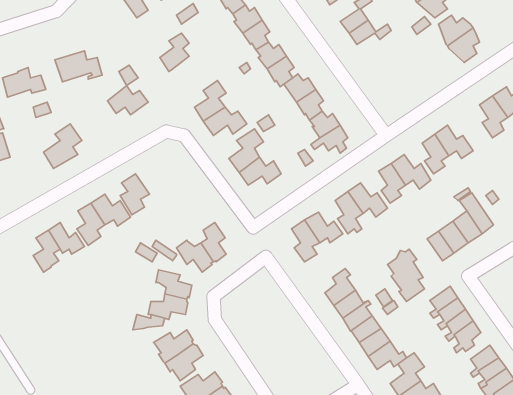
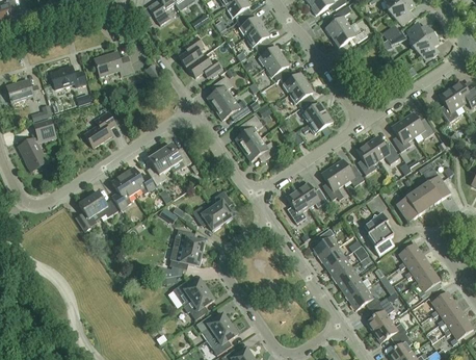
building: [107,86,148,115] -> [188,54,221,78]
building: none -> [159,144,191,169]

